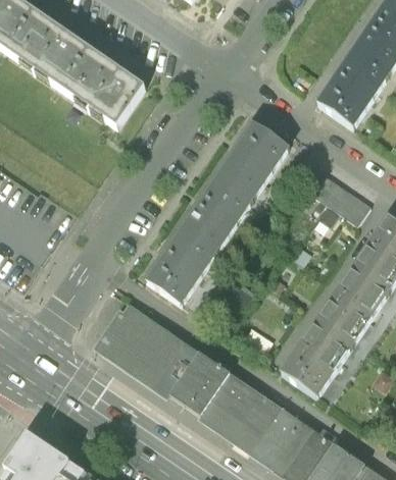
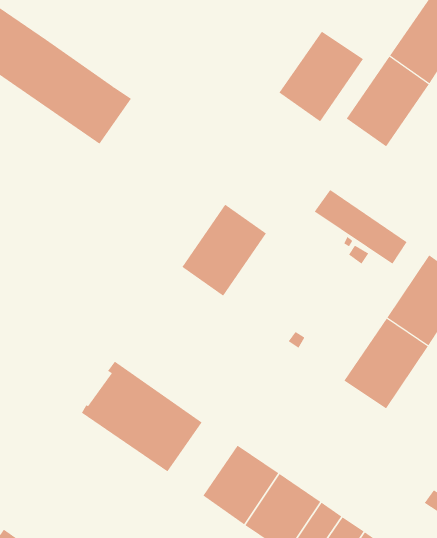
building: [217,121,288,197] -> [278,31,364,122]
building: [146,224,216,301] -> none
building: [281,318,351,393] -> none
building: [170,353,228,413] -> none

